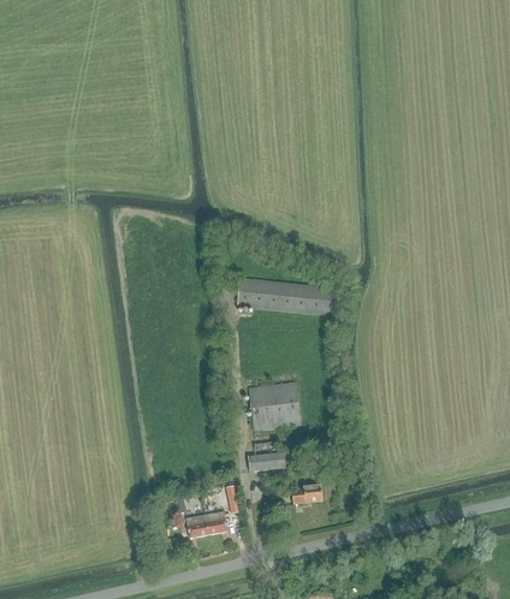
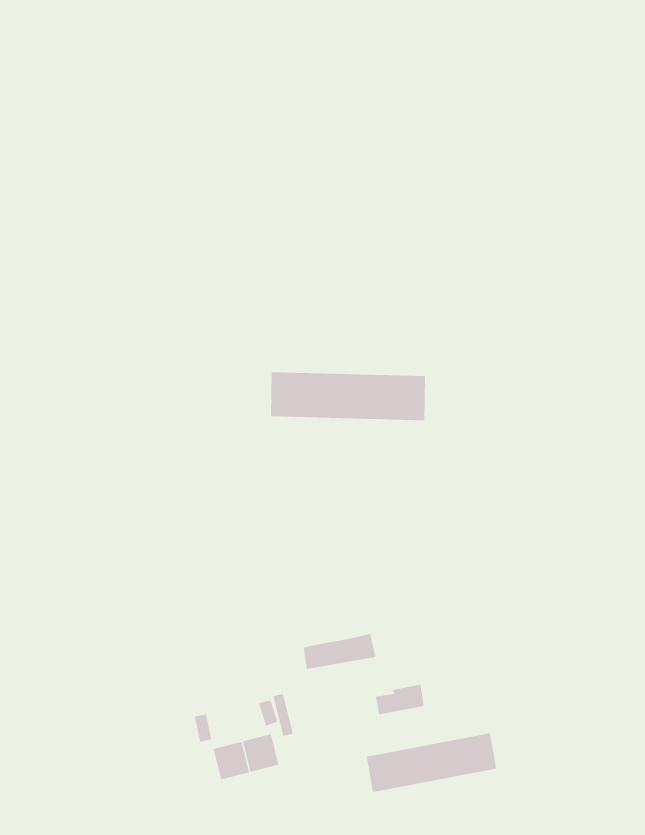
building: [248,380,301,429] -> none
building: none -> [366,732,497,793]

